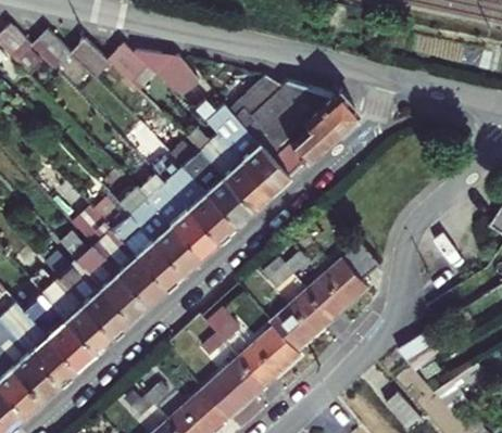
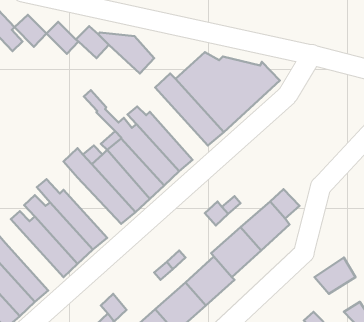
building: [198,132,268,207] -> none
building: [75,214,163,303] -> none
building: [22,292,92,367] -> none

